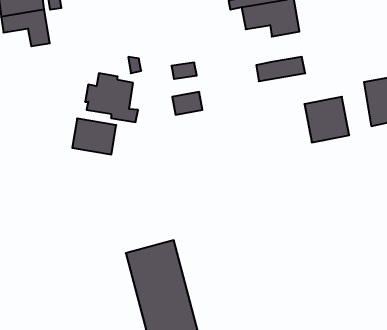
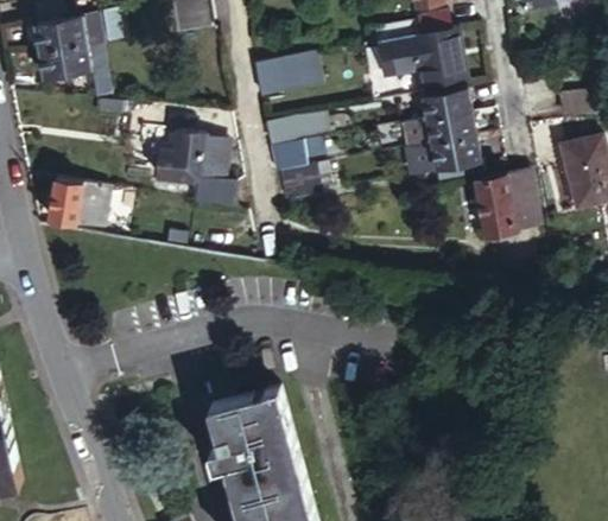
building: none -> [253,52,319,95]
building: none -> [420,85,468,119]
building: none -> [405,135,479,183]
building: [72,118,116,154] -> [38,177,102,229]

